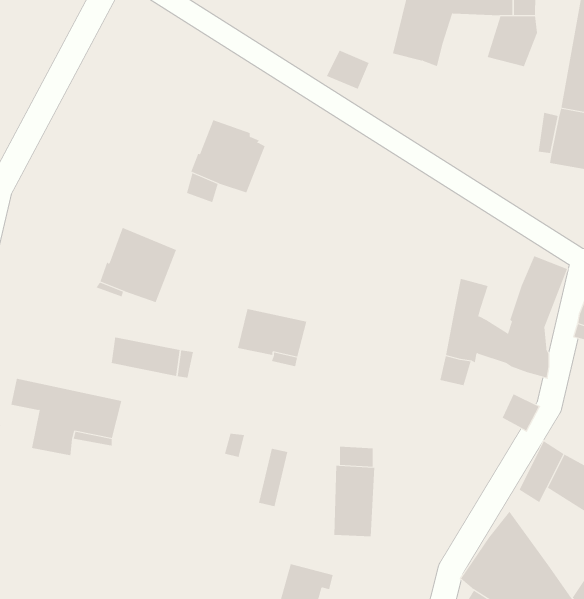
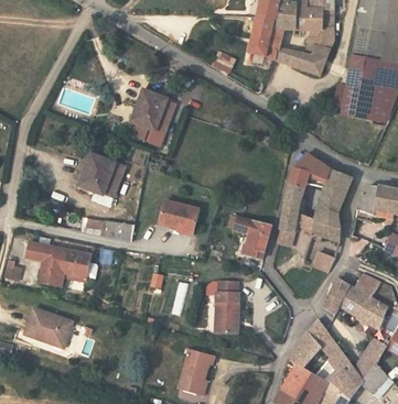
building: none -> [275,46,325,75]
building: none -> [288,153,331,187]
building: none -> [233,216,270,258]
building: none -> [24,308,71,347]

